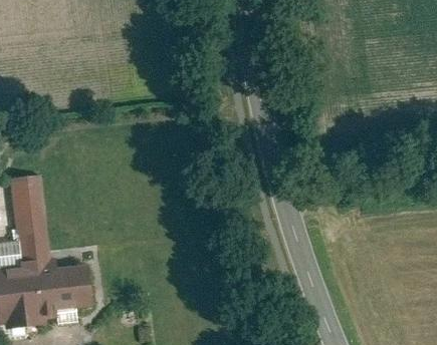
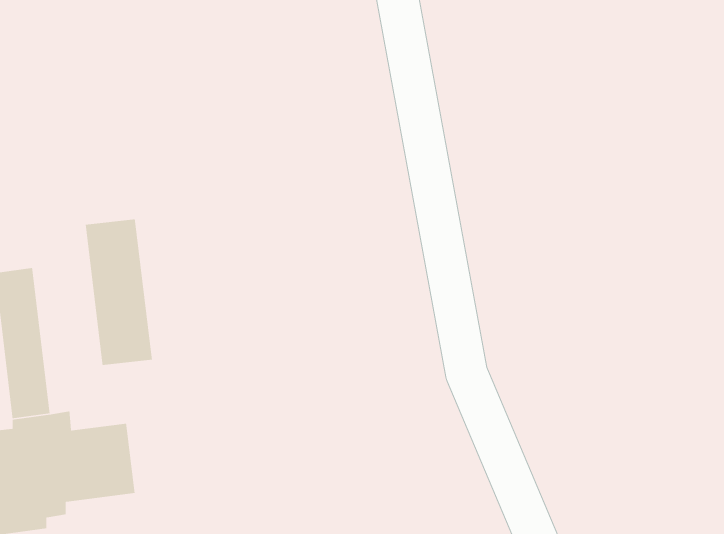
building: none -> [85,219,153,366]

